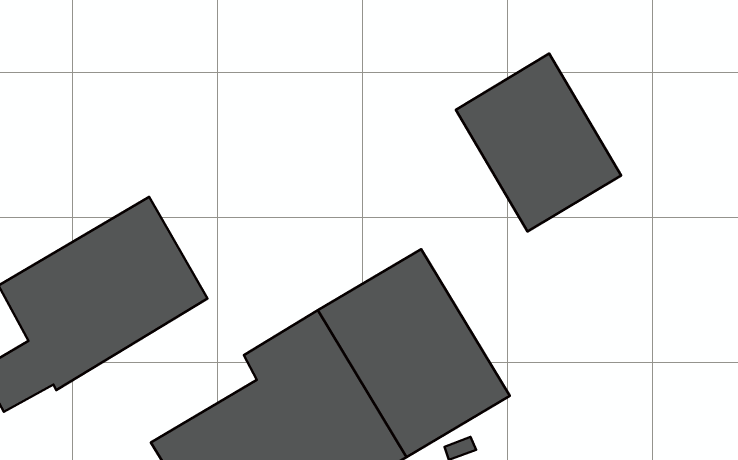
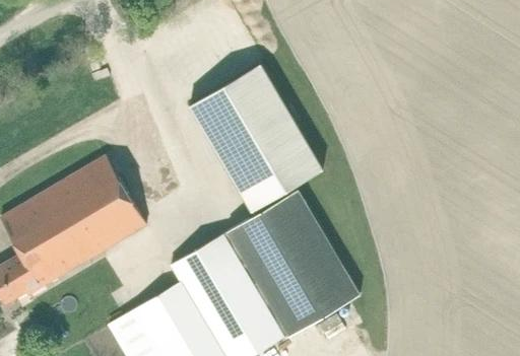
building: [456,54,621,232] -> none
building: none -> [187,64,323,213]

